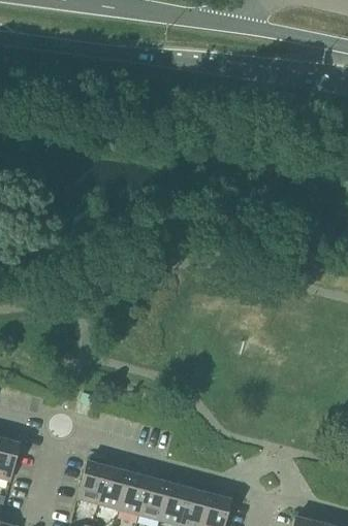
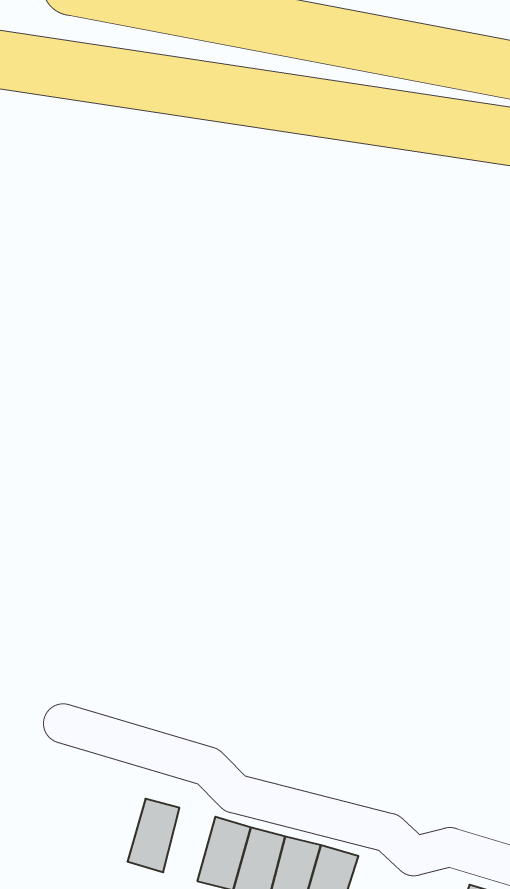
building: [80,461,110,503] -> none
building: [121,472,151,515] -> none

